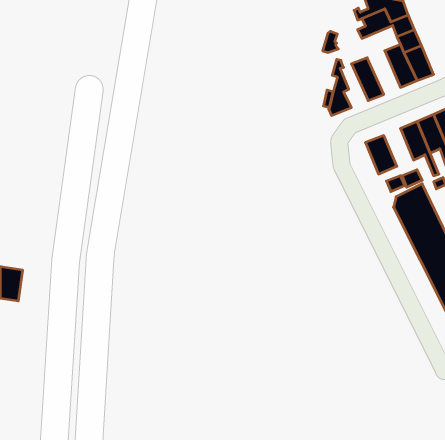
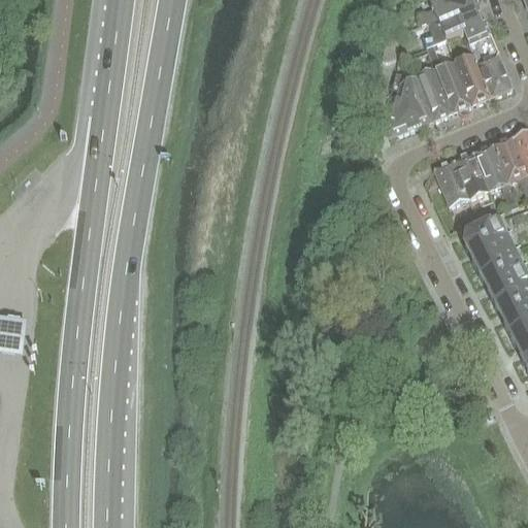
building: none -> [428,46,474,111]
building: none -> [403,75,436,127]
building: none -> [455,152,490,196]

